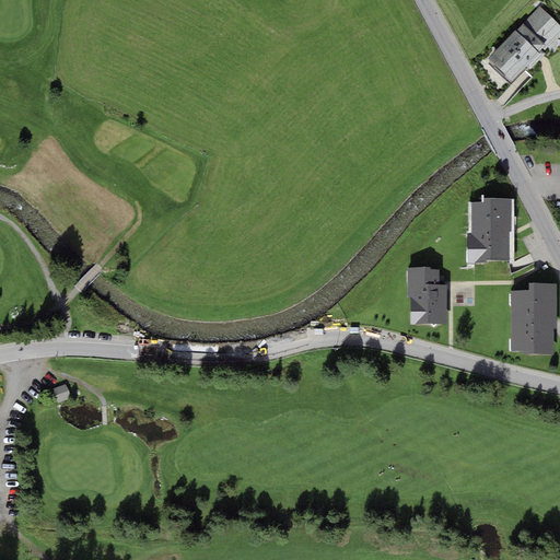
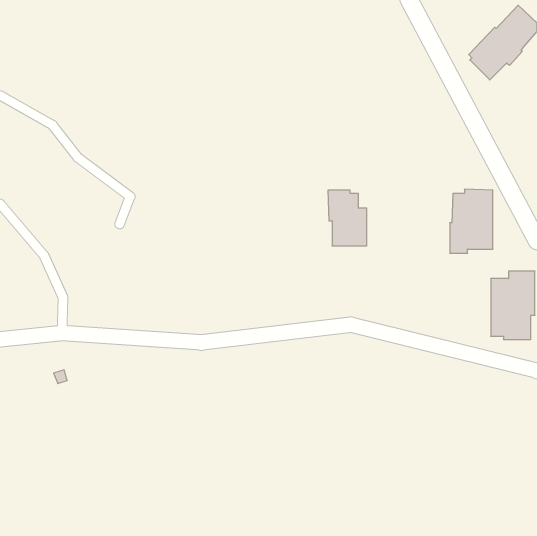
building: [407,266,447,324] -> [328,190,367,246]

